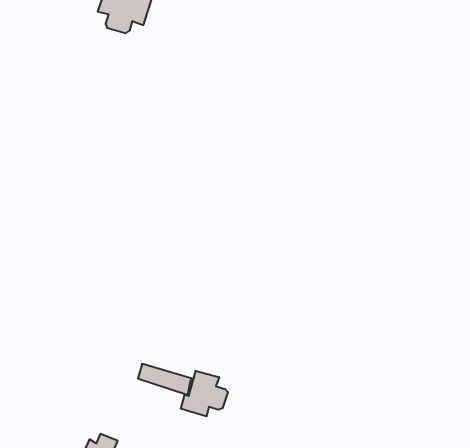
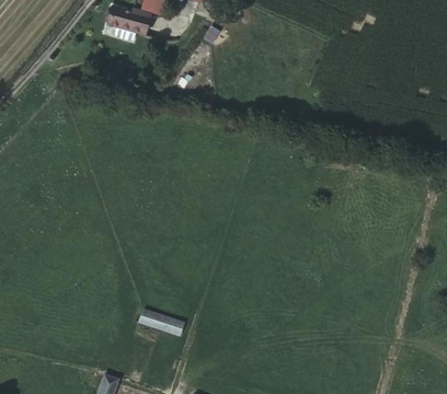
building: [181,371,228,416] -> none

